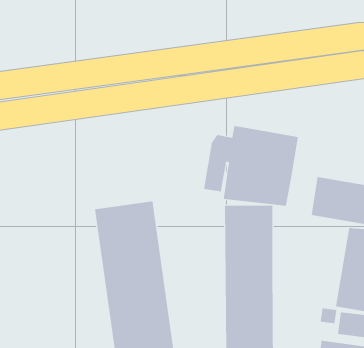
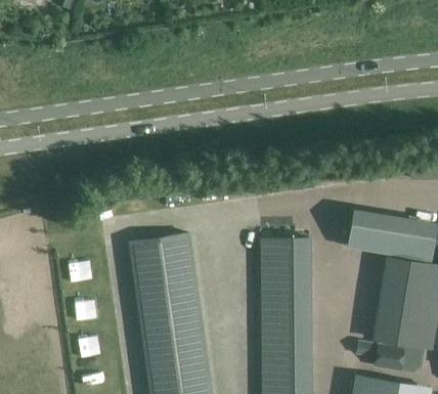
building: [204,125,298,207] -> none

